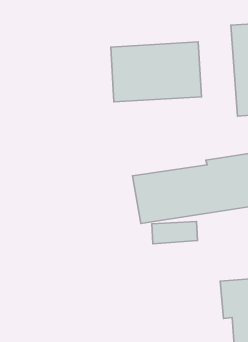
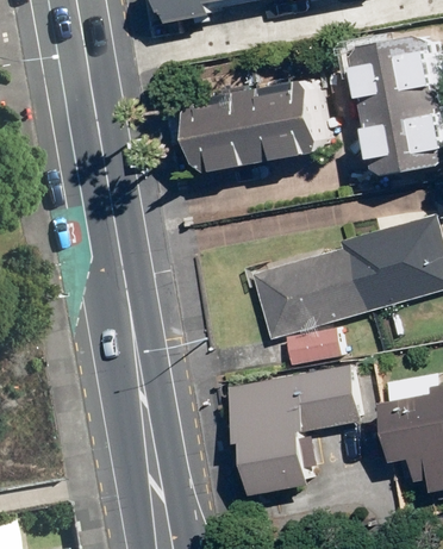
building: none -> [226,366,357,500]

